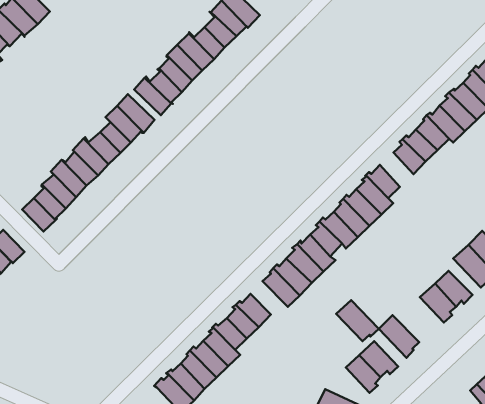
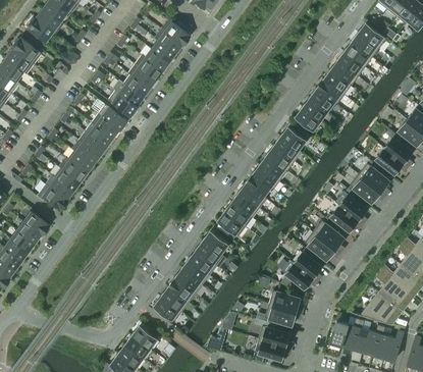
building: [336,300,379,341] -> [313,221,345,249]

